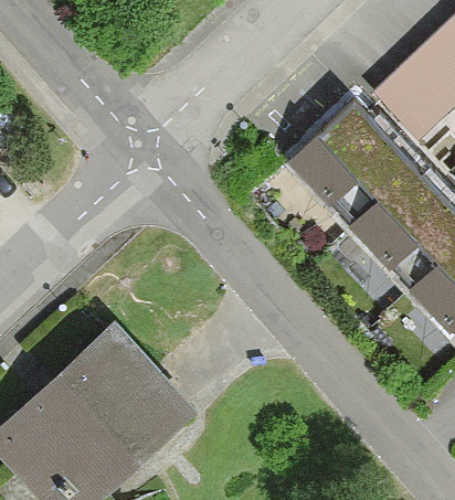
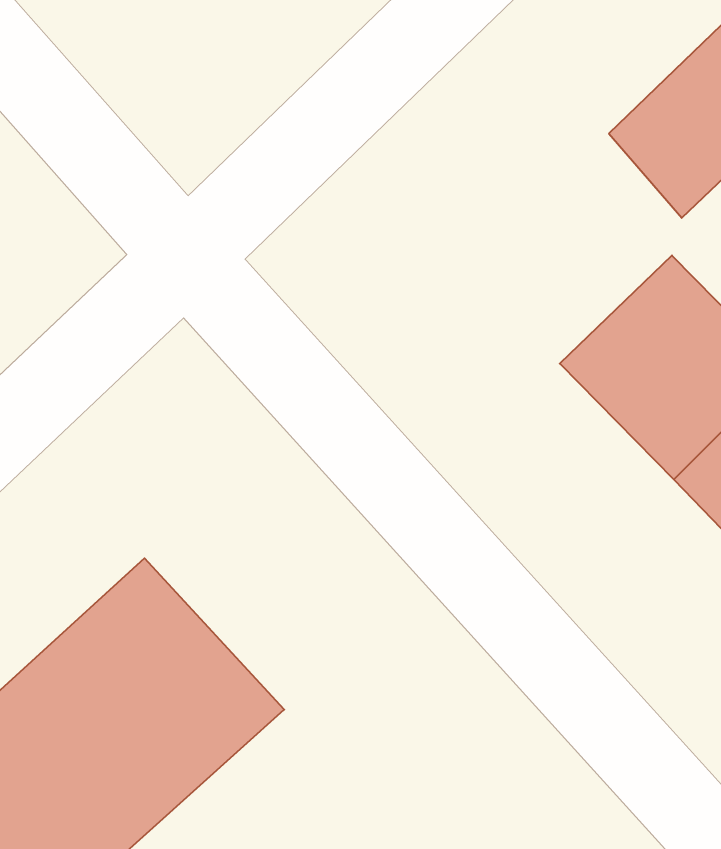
building: [286,97,410,221] -> none

